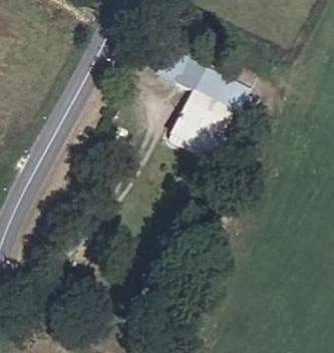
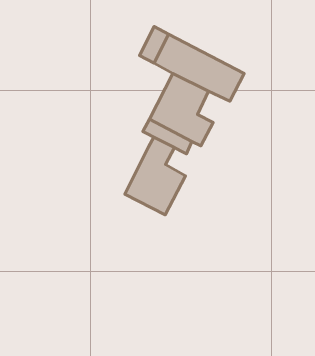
building: none -> [125,137,185,215]

